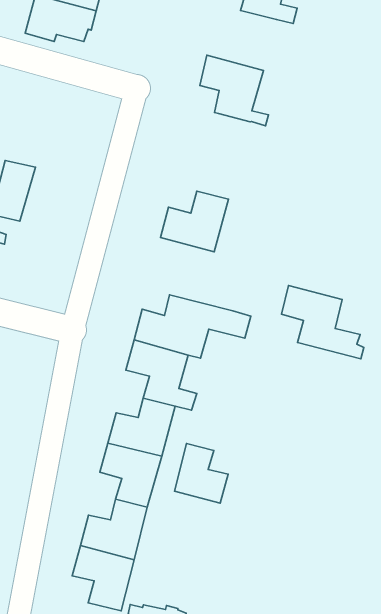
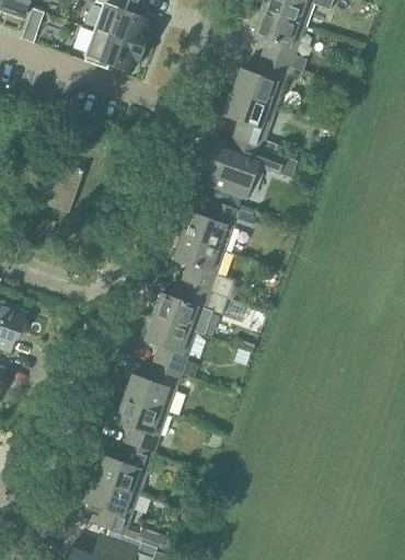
building: none -> [230,57,302,107]
building: none -> [197,139,284,197]
building: [281,285,364,359] -> [172,235,236,300]
building: [175,444,228,503] -> none

